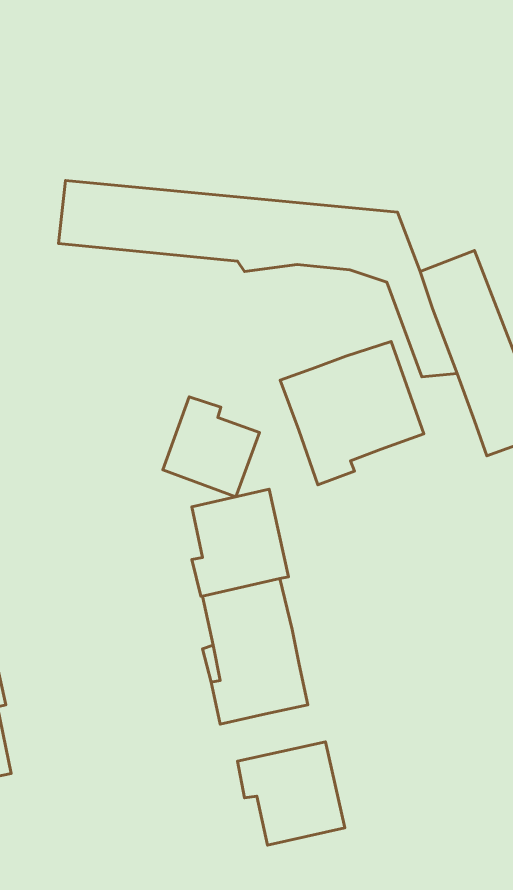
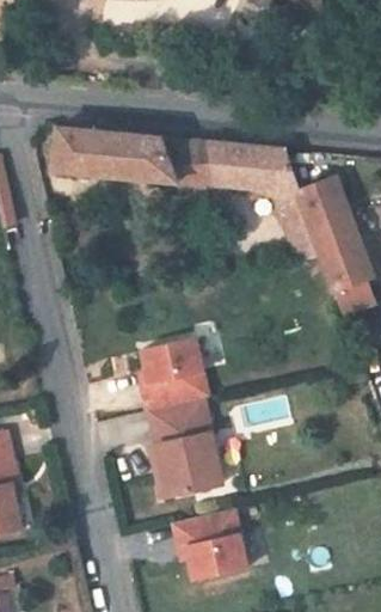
building: [280,341,424,485] -> none
building: [163,397,260,497] -> none

